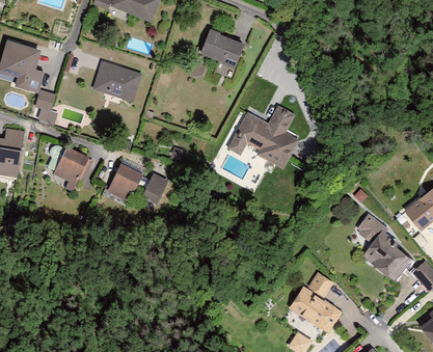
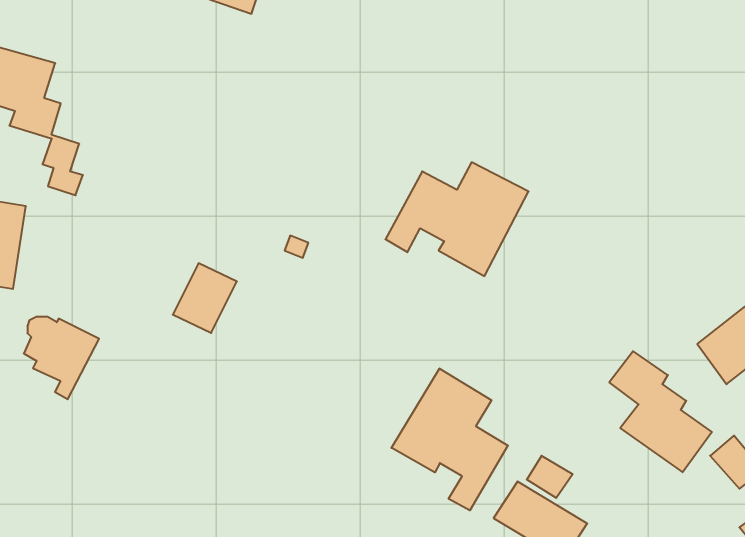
building: [199,29,245,67] -> none
building: [91,60,142,102] -> none
building: [47,145,89,192] -> [24,317,99,399]
building: [142,172,168,204] -> none
building: none -> [391,368,508,510]

